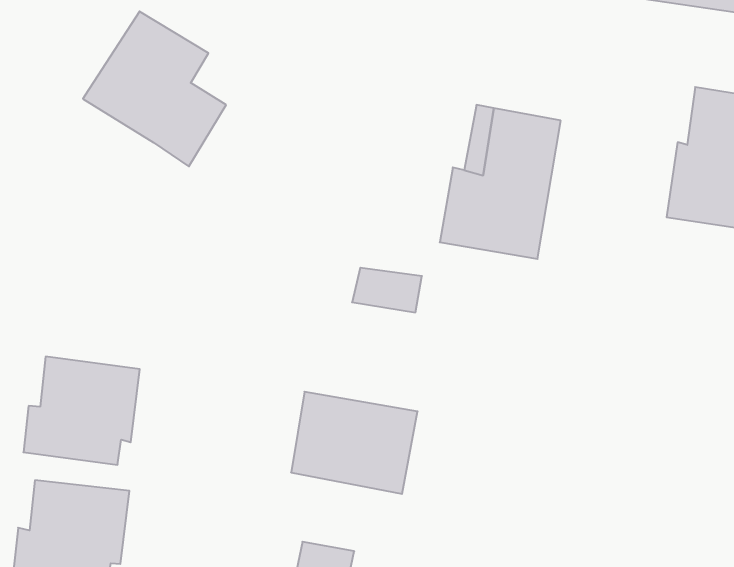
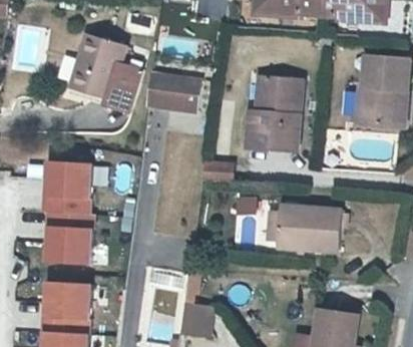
building: none -> [147,69,203,108]
building: none -> [37,164,94,218]
building: [291,392,418,494] -> [277,213,340,262]

